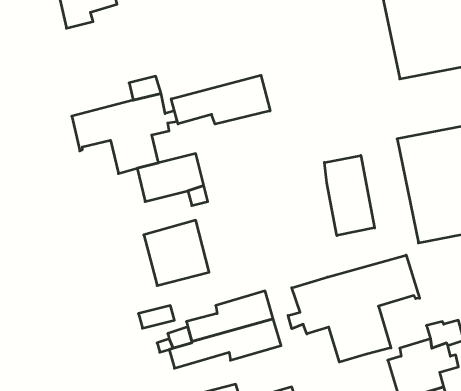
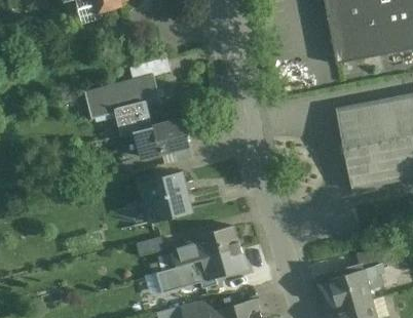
building: [171,75,270,124] -> none
building: [324,155,375,236] -> none
building: [288,255,420,362] -> none

